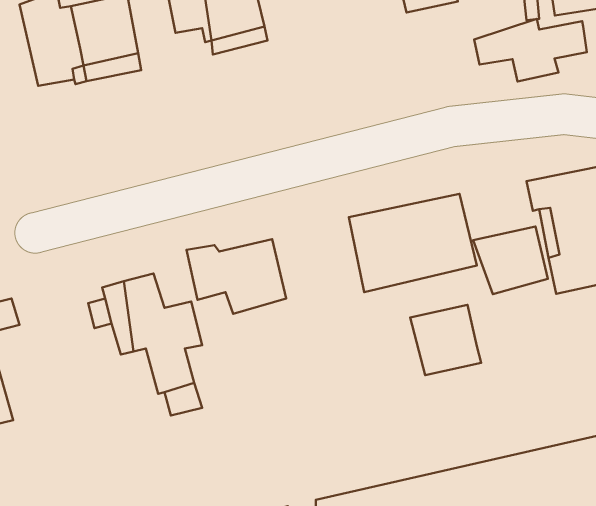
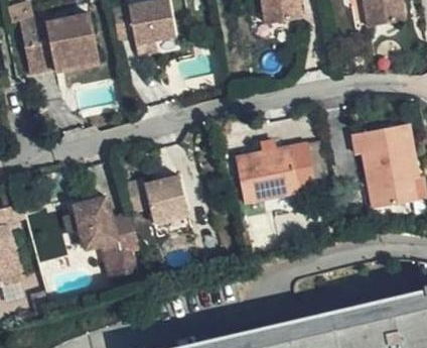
building: [474,19,587,81] -> none
building: [473,227,548,294] -> none
building: [410,305,481,375] -> none

